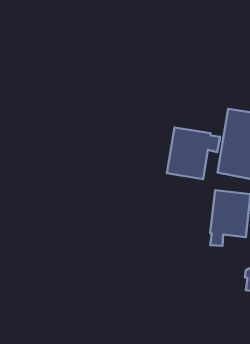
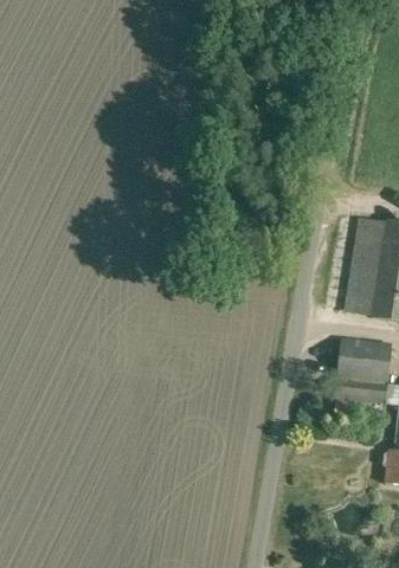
building: [167,127,220,179] -> none

